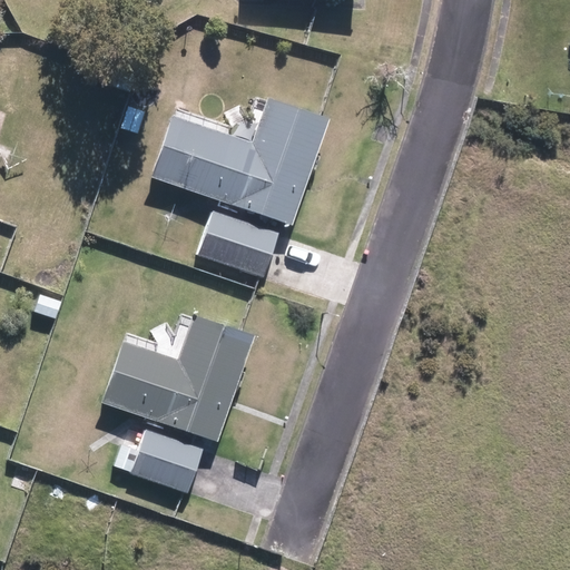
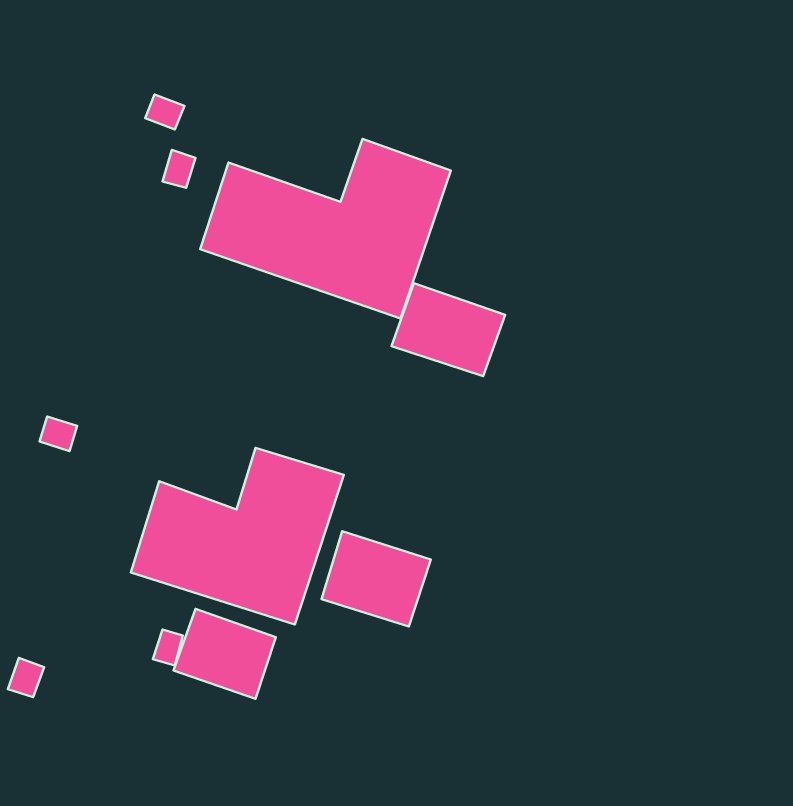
building: [200,210,281,276] -> [392,283,505,376]
building: none -> [321,531,431,626]

